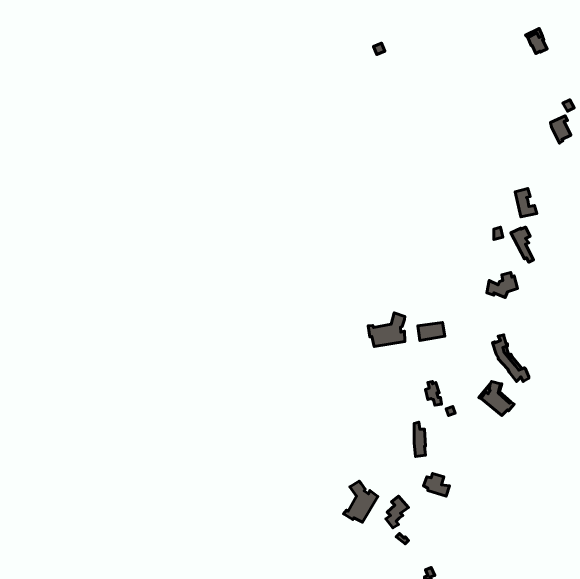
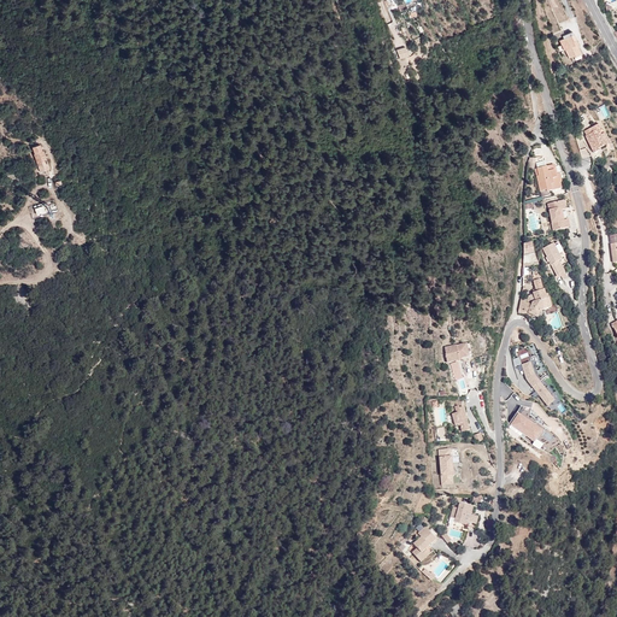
building: none -> [536,157,562,192]
building: [368,313,405,346] -> none
building: [344,481,378,522] -> none

